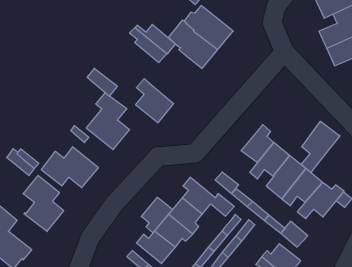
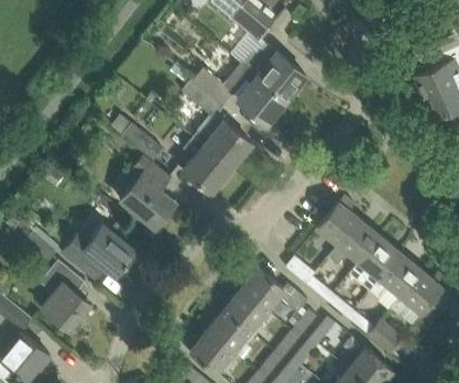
building: none -> [194,121,252,169]
building: [301,121,340,172] -> none
building: [141,197,172,233] -> none

